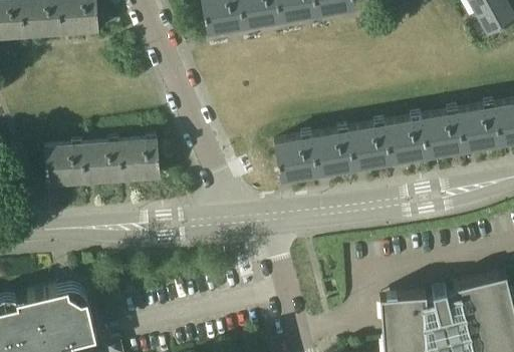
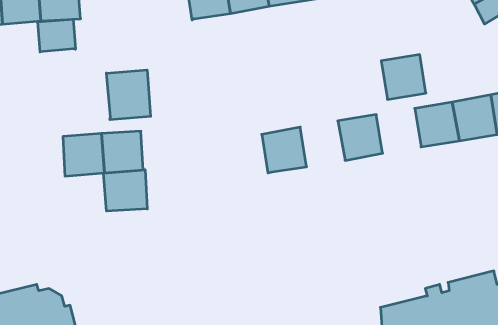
building: none -> [38,19,75,52]
building: none -> [106,70,151,120]
building: [383,119,427,162] -> [381,55,426,99]
building: [310,131,353,175] -> none
building: [43,146,83,187] -> none
building: none -> [104,170,147,211]

